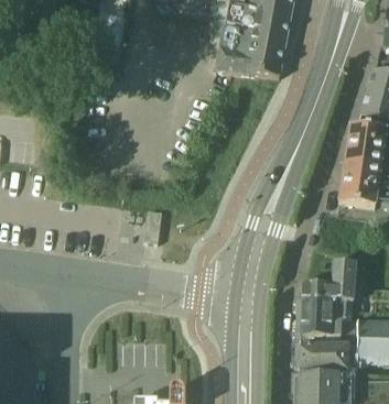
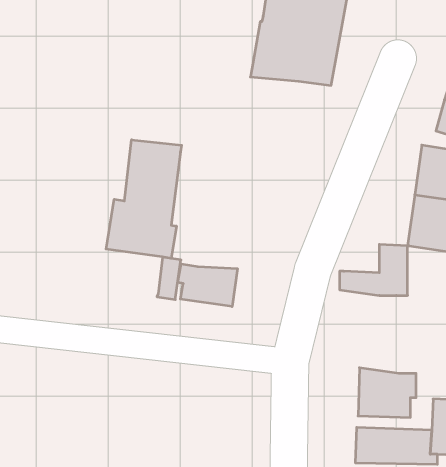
building: none -> [106,140,182,258]
building: none -> [178,264,237,307]
building: [301,260,354,299] -> [340,244,408,295]

